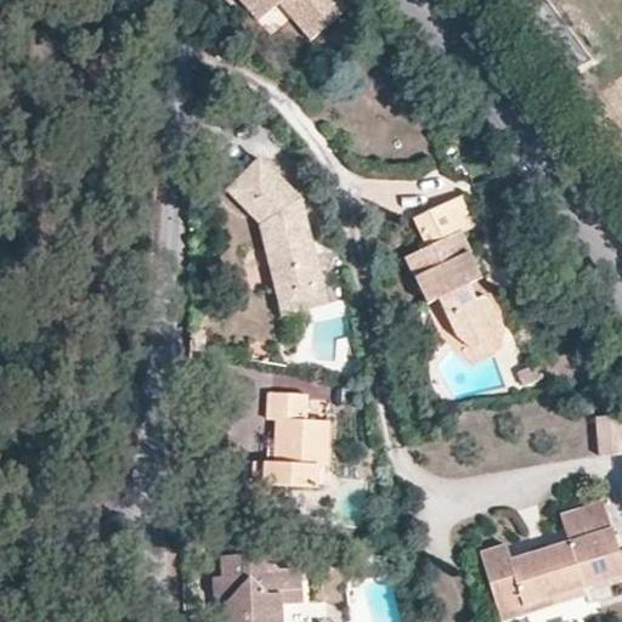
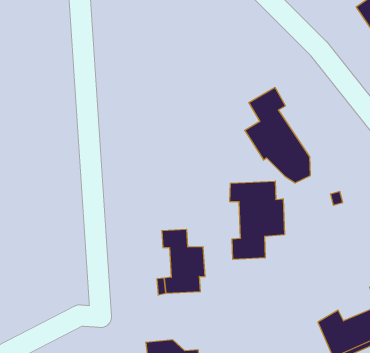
building: [224,160,321,313] -> none
building: none -> [230,181,284,259]

